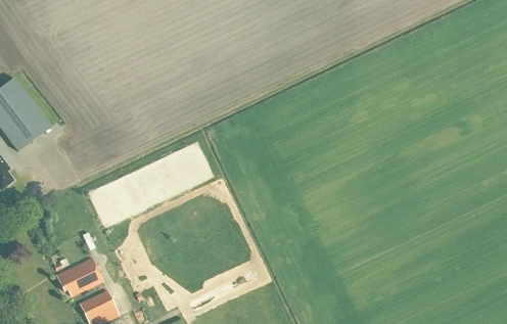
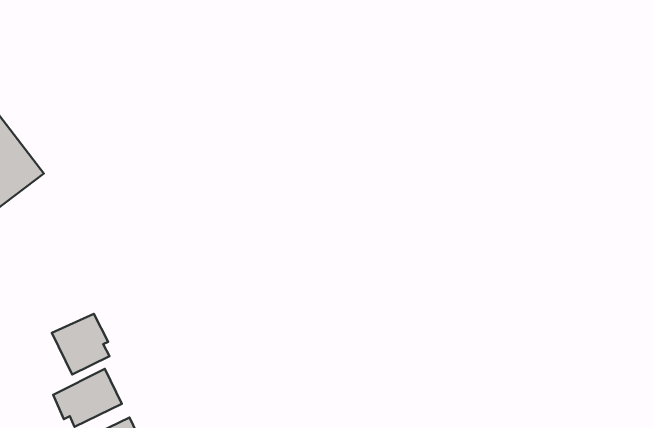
building: none -> [52,314,110,374]

